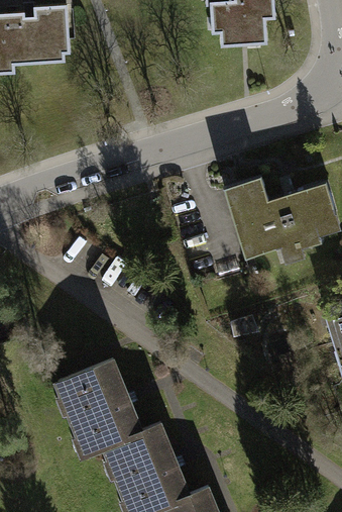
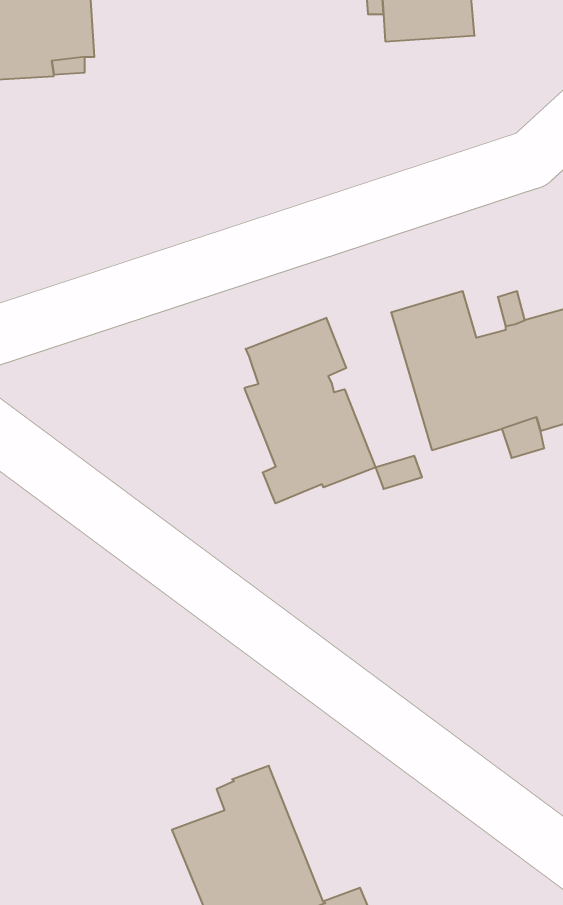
building: none -> [245,318,376,503]
building: [59,359,142,456] -> none

